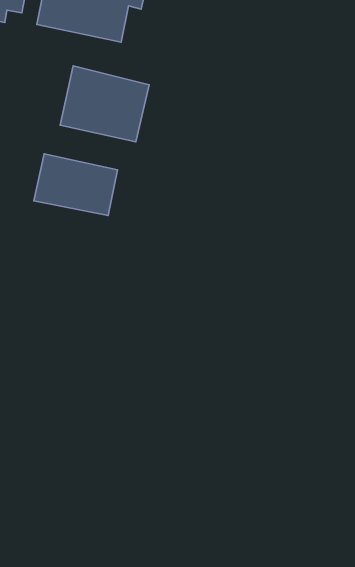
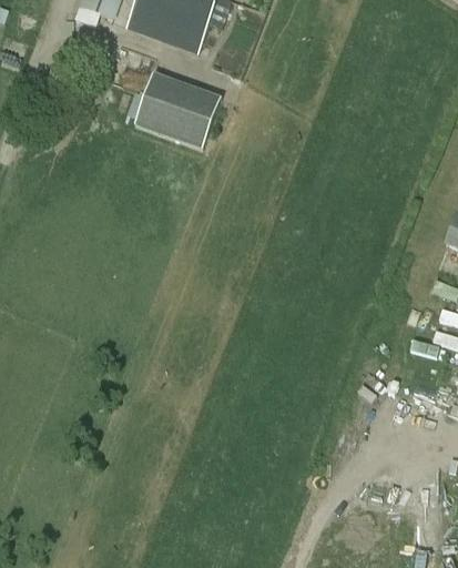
building: [34,154,117,215] -> none

